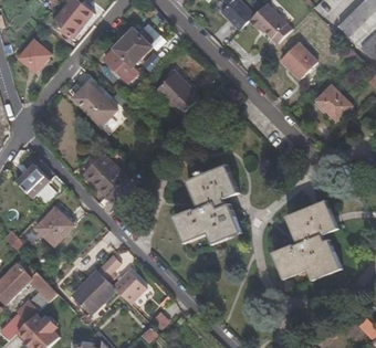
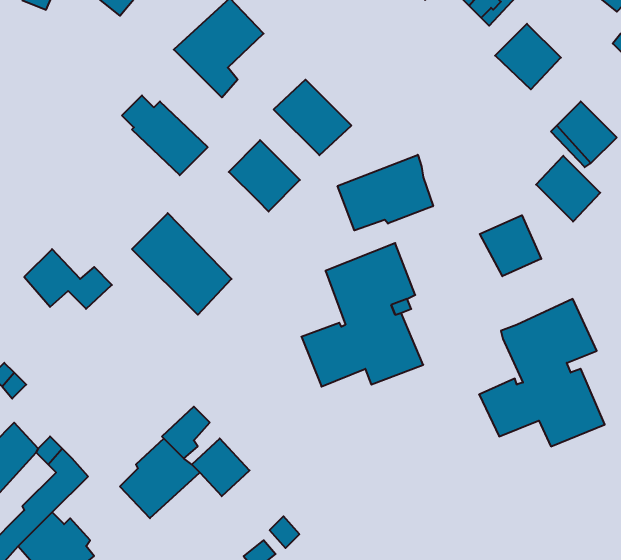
building: [21,41,53,73] -> none
building: none -> [229,140,300,212]
building: none -> [338,155,433,230]
building: none -> [536,156,600,222]
building: none -> [480,215,541,276]
building: [39,209,72,242] -> none

